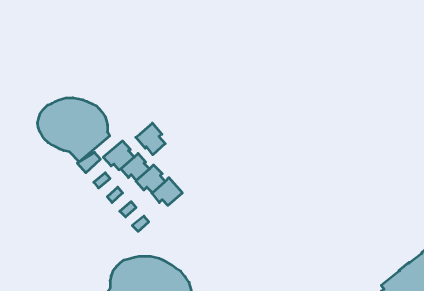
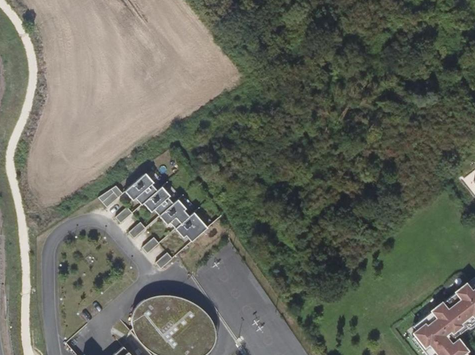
building: [38,98,110,162] -> none
building: [136,123,165,155] -> none

